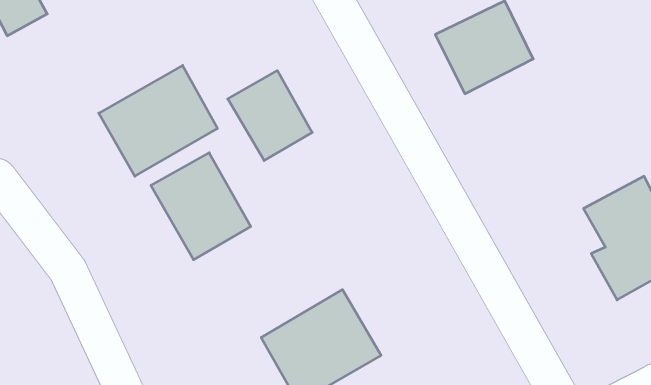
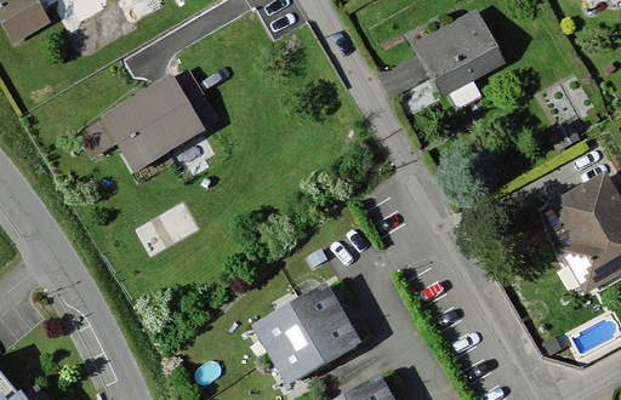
building: [228,71,312,161] -> none
building: [151,153,251,260] -> none

